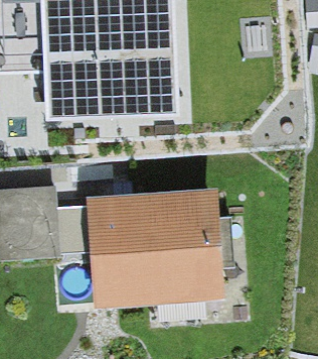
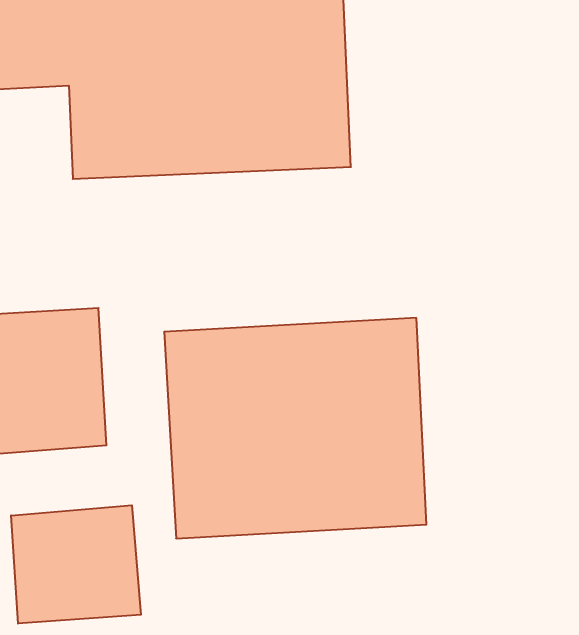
building: none -> [11,505,141,624]

